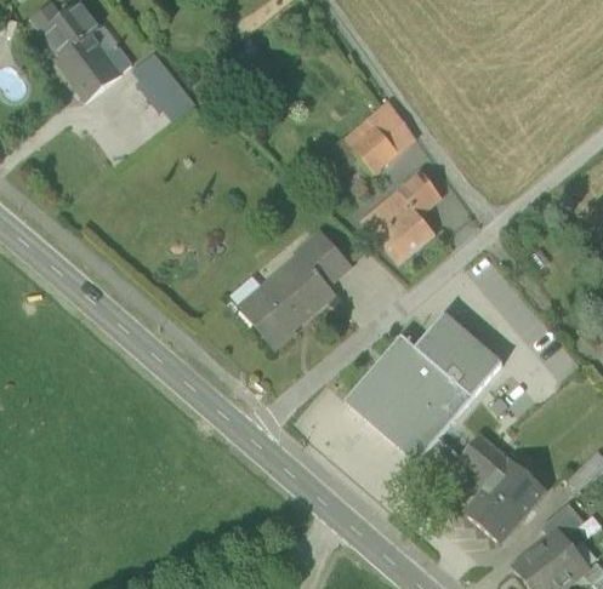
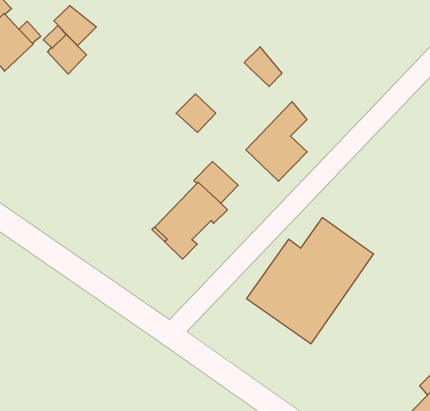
building: none -> [54,6,96,46]
building: [349,125,397,171] -> [176,94,216,132]
building: [463,439,545,542] -> none

